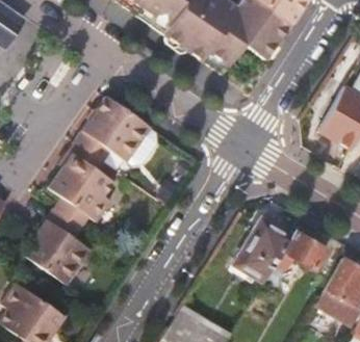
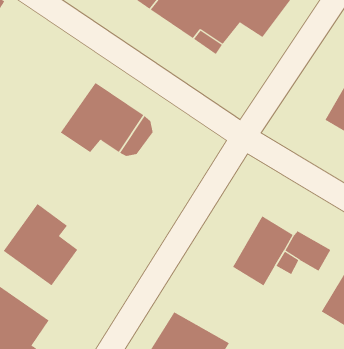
building: [50,141,115,220] -> none

